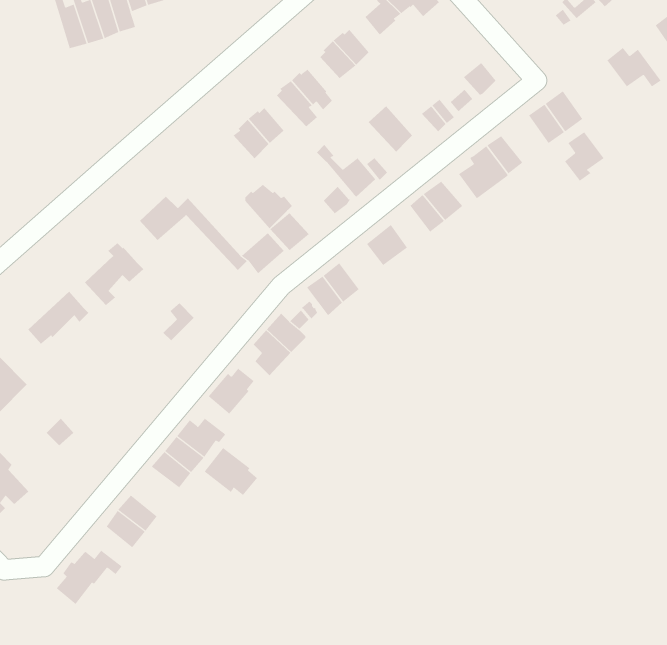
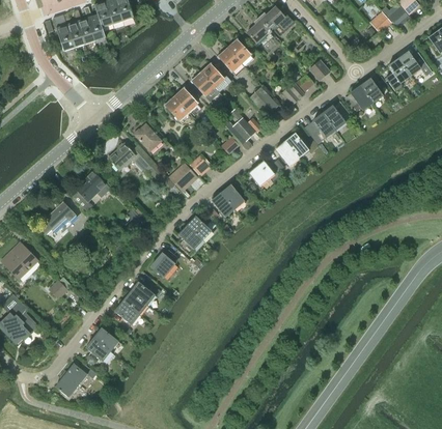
building: [564,131,604,182] -> [385,59,410,90]
building: [244,184,293,229] -> [134,124,164,152]
building: [204,447,258,496] -> none

